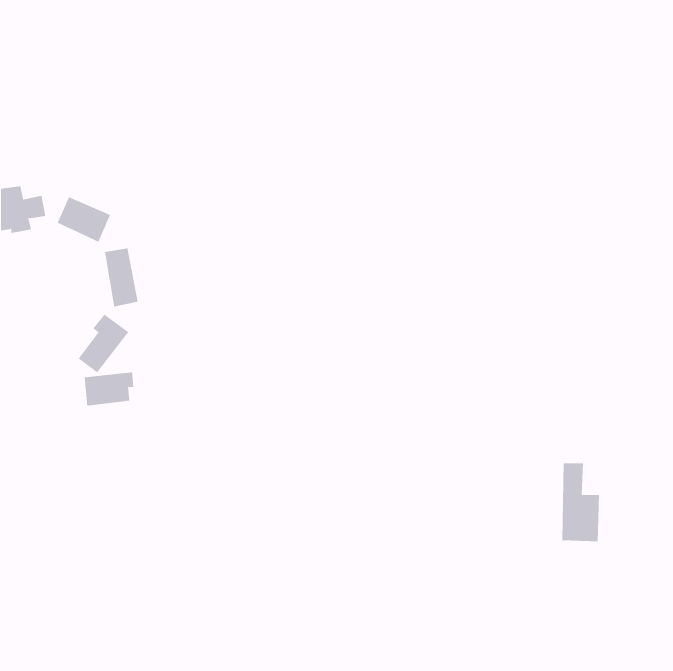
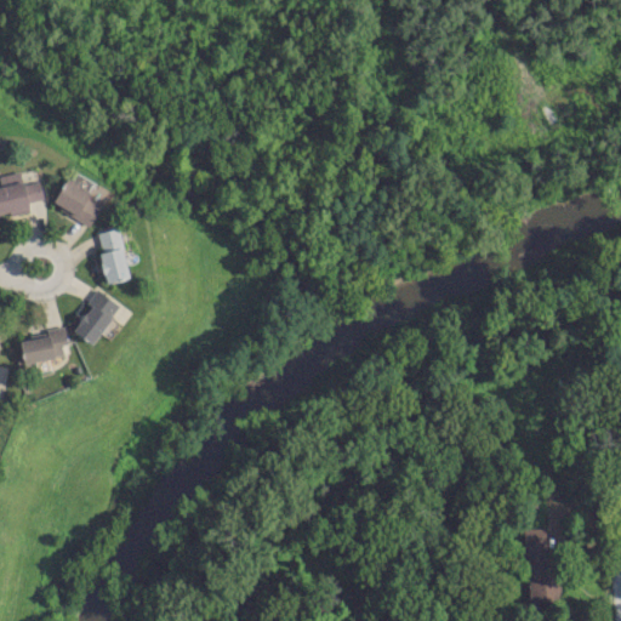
building: [84,372,134,406] -> [21,332,67,364]
building: [561,463,600,542] -> [525,530,560,603]

